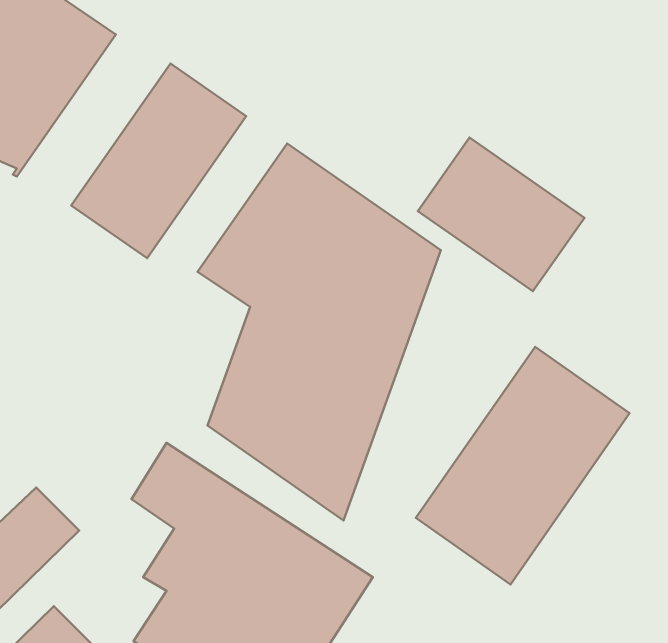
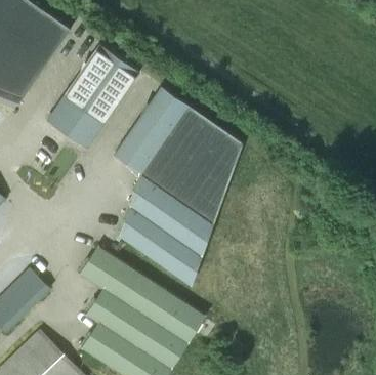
building: [418,138,584,291] -> none
building: [416,347,630,584] -> none

